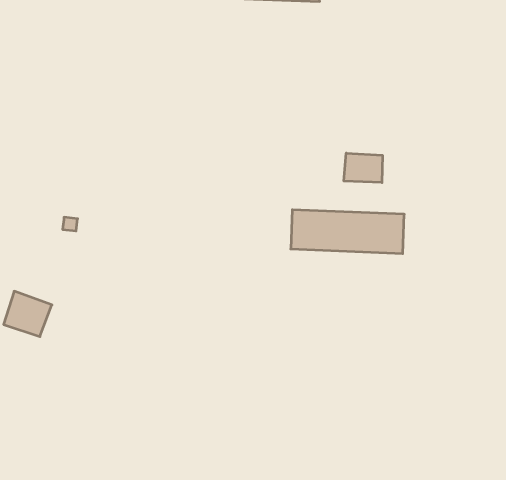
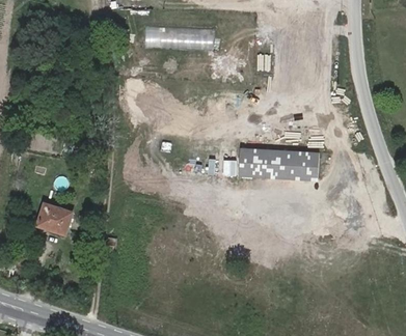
building: [344,153,382,183] -> none

